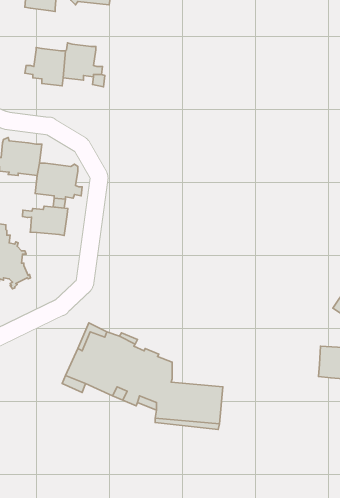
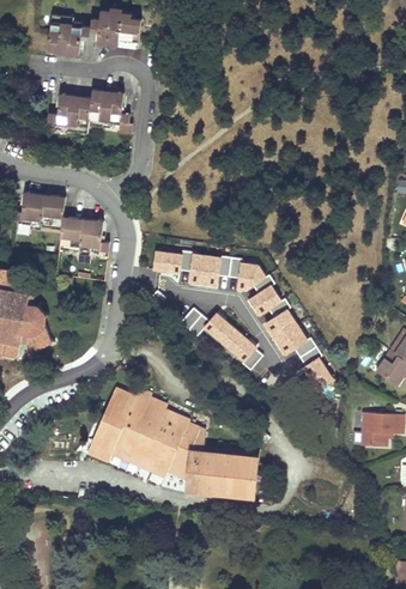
building: none -> [151,250,333,391]
building: [22,206,68,235] -> none
building: none -> [181,306,263,369]

